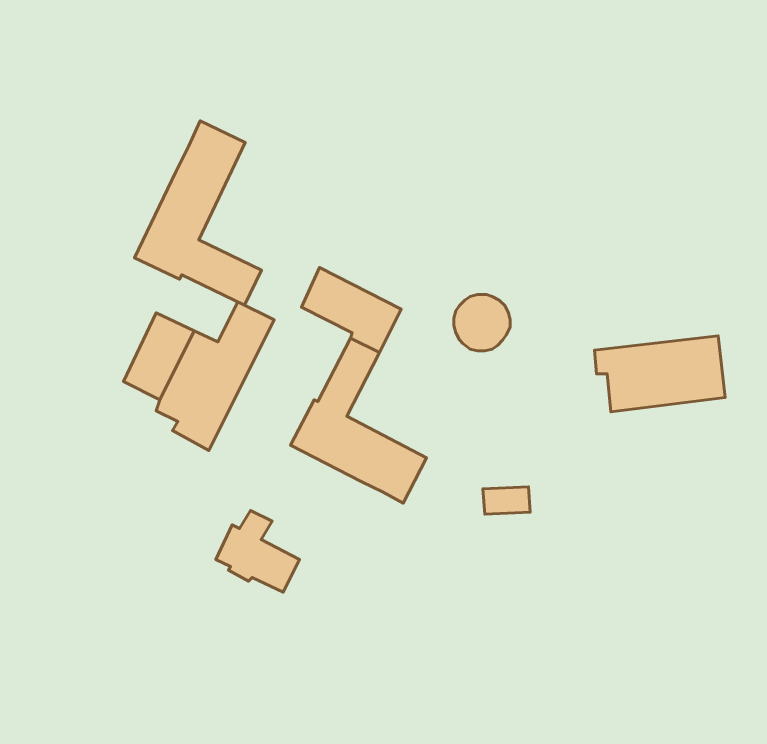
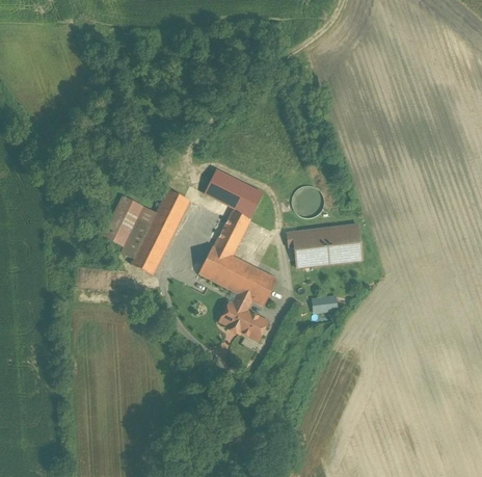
building: [135,121,262,305] -> none
building: [595,336,725,412] -> [288,223,363,267]
building: [216,510,299,592] -> [220,292,268,339]

